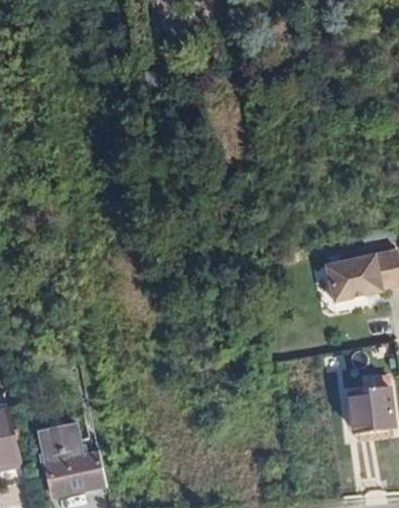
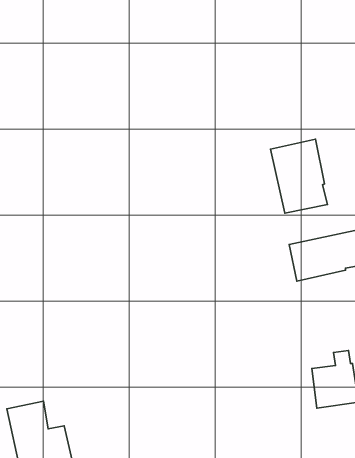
building: none -> [270,139,328,213]

